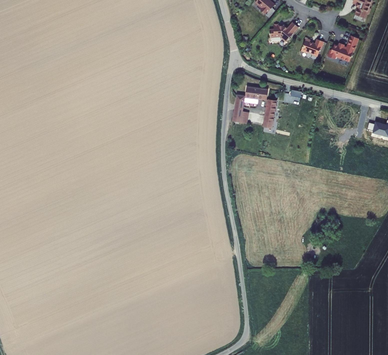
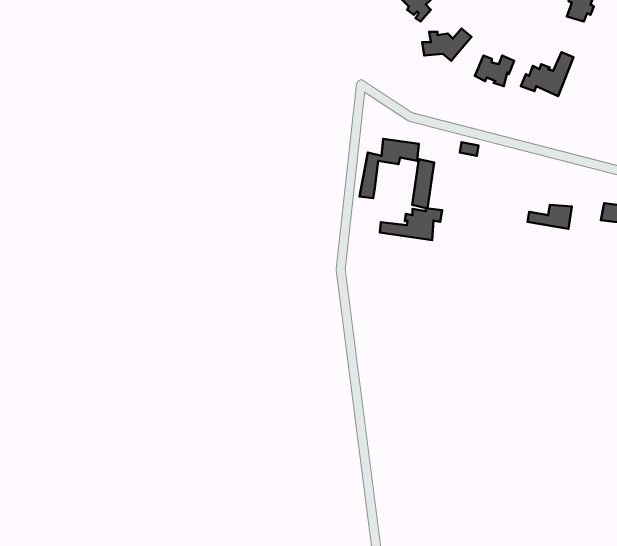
building: none -> [380,208,442,240]

